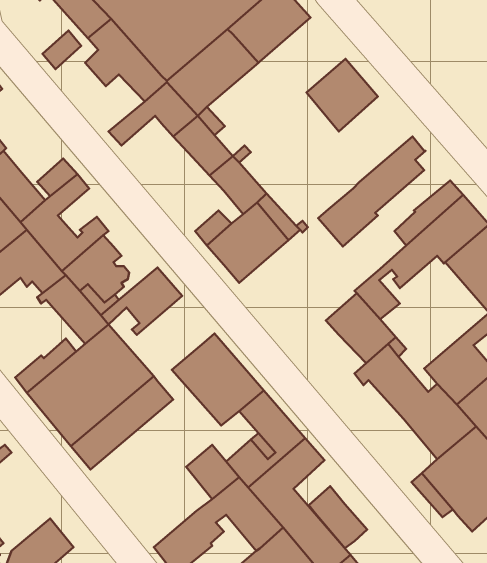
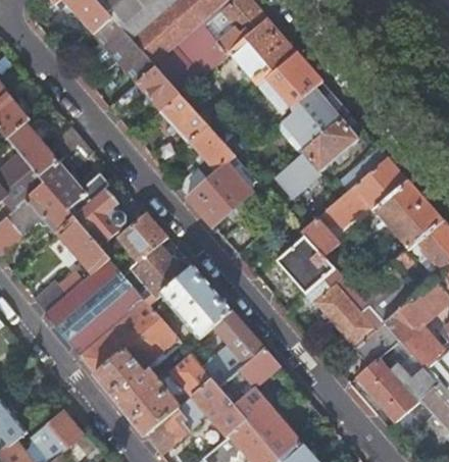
building: none -> [229,17,296,84]
building: none -> [285,92,349,147]
building: none -> [130,244,185,304]
building: none -> [95,318,179,434]
building: [309,486,367,548] -> none

